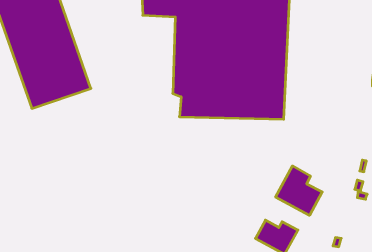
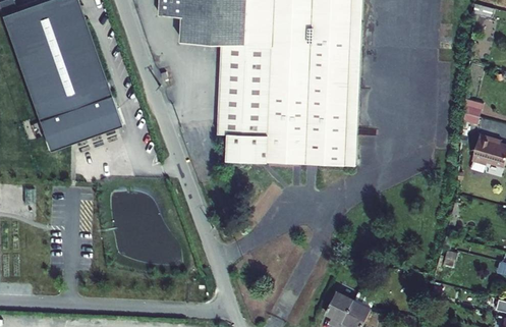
building: [276,166,322,215] -> none

